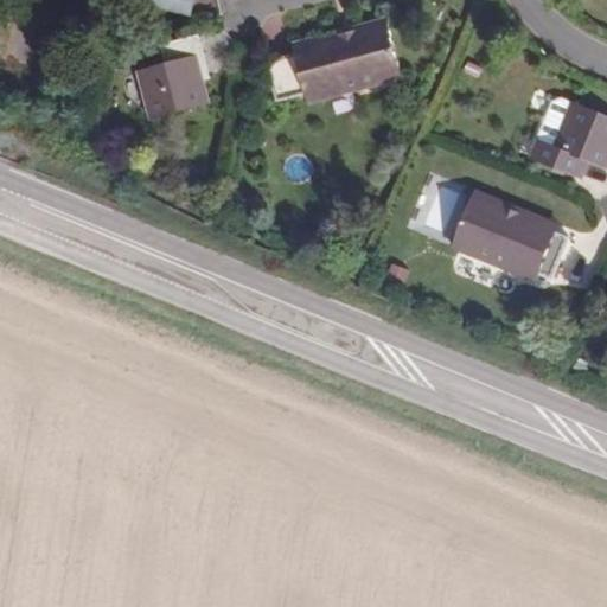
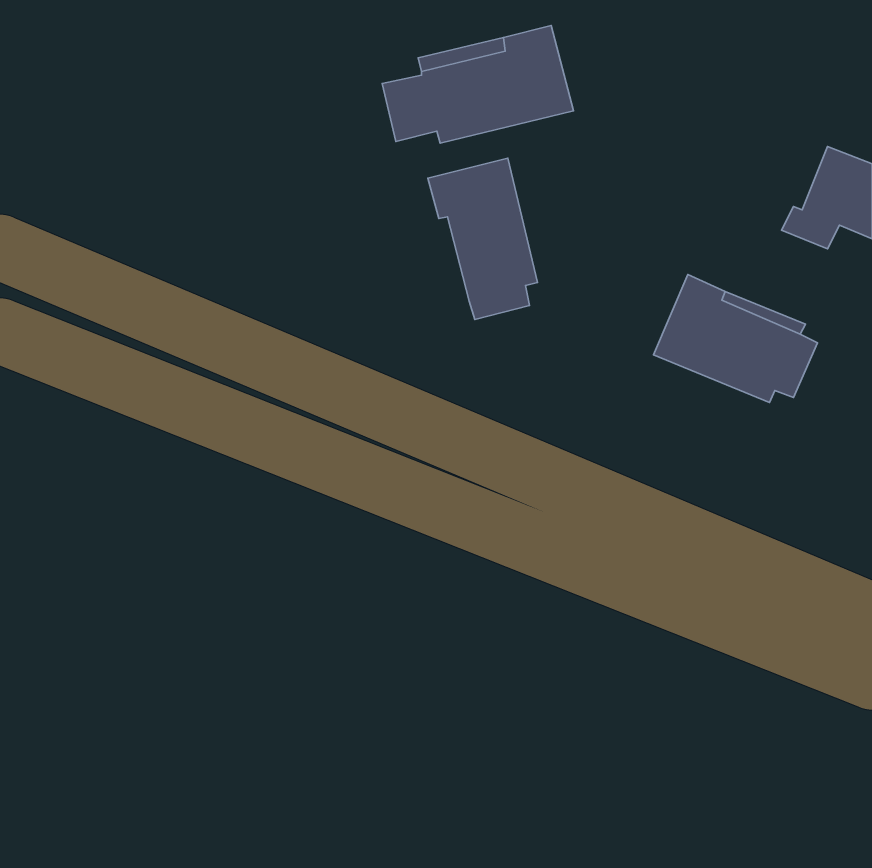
building: [136,36,204,117] -> none
building: none -> [428,158,537,320]

